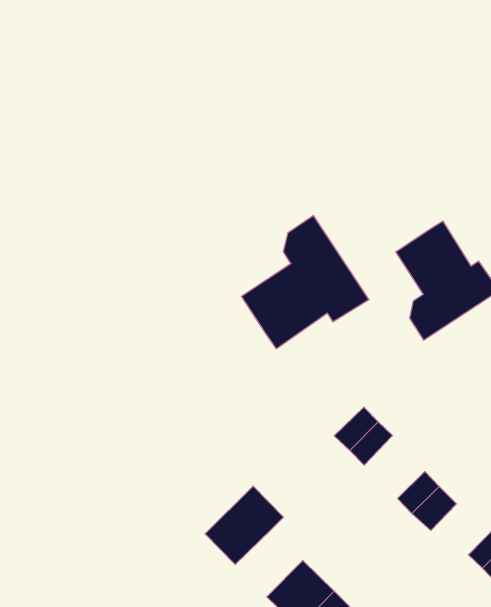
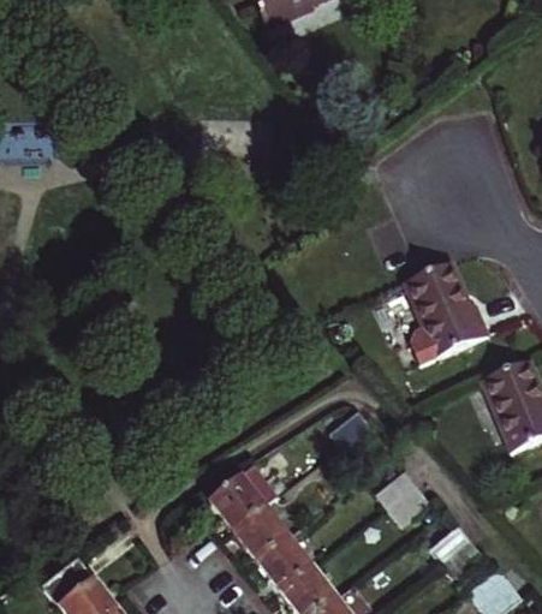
building: [242,215,369,349] -> none
building: none -> [232,508,291,566]

